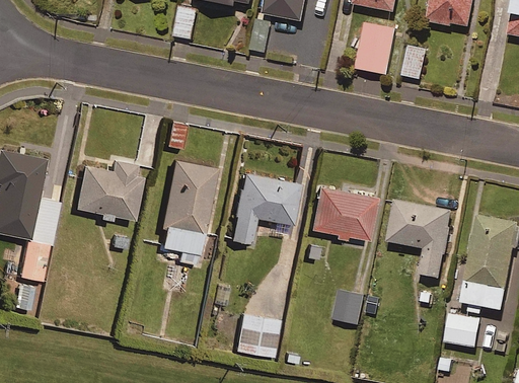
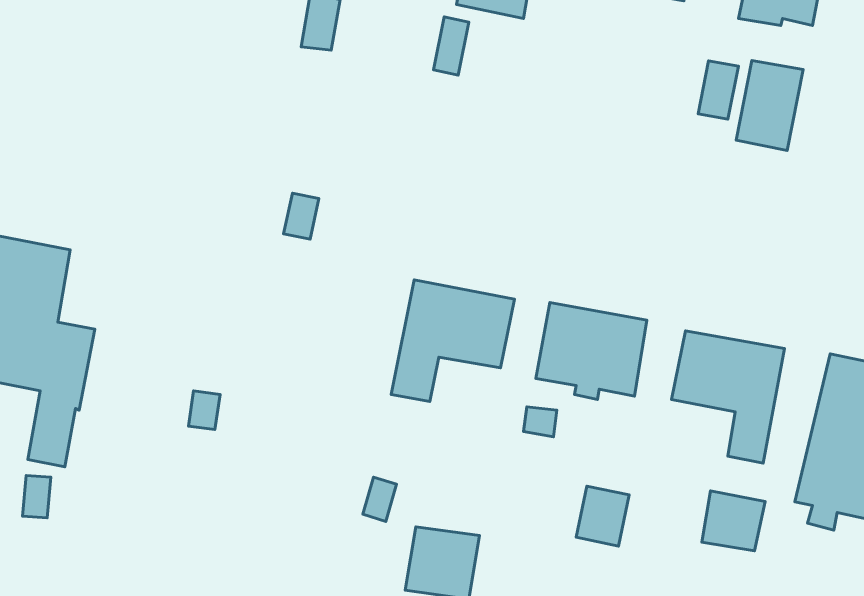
building: [356,23,394,75] -> [736,61,803,151]
building: [72,158,138,221] -> none
building: [156,159,212,265] -> none
building: [443,314,479,349] -> [702,491,765,551]

